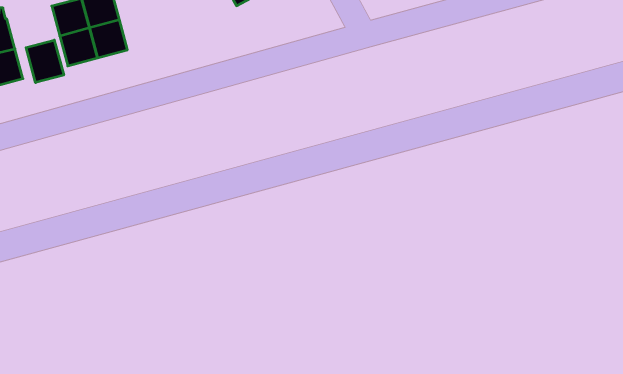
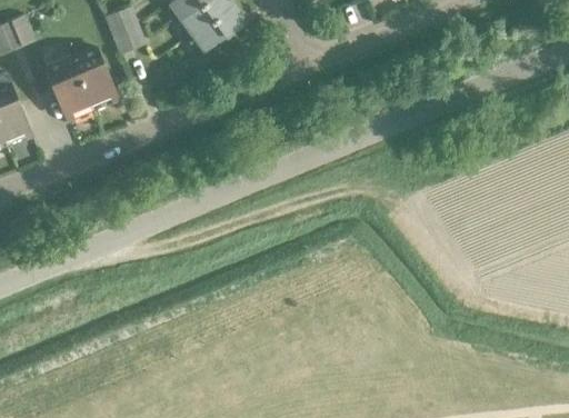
building: [26,40,64,83] -> none

